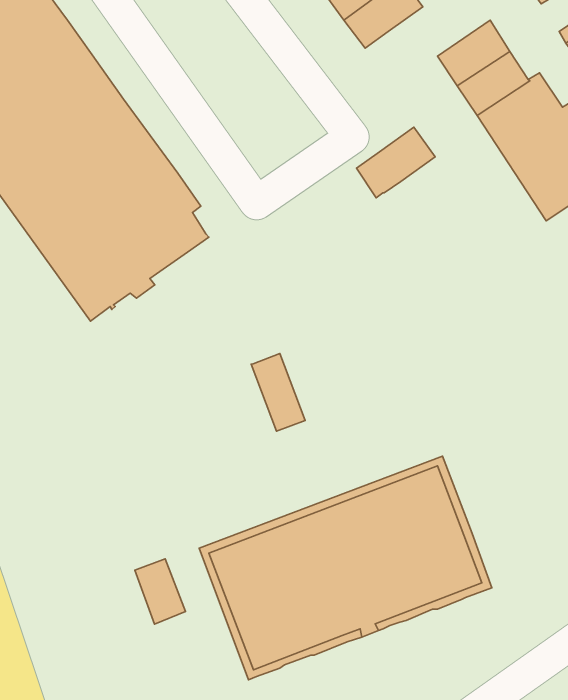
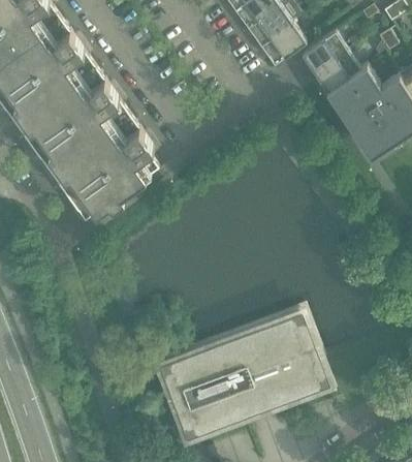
building: [356,127,435,198] -> [259,24,309,68]
building: [251,353,305,431] -> none
building: [135,559,186,624] -> none

